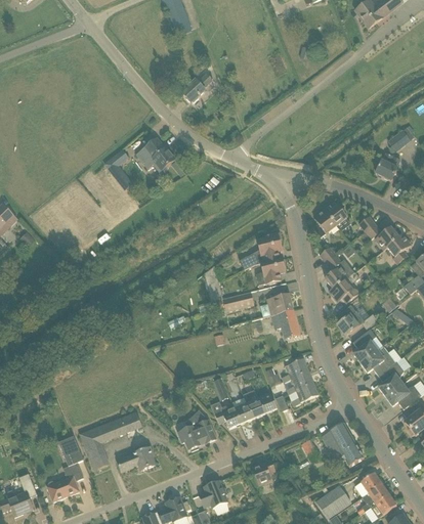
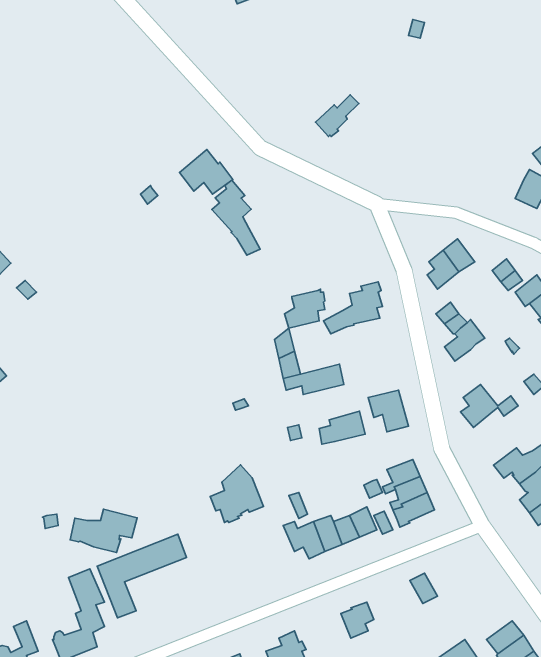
building: [182,73,213,102] -> [315,95,359,137]
building: none -> [212,180,260,255]
building: [256,257,285,285] -> [285,289,325,328]
building: [329,271,361,302] -> none
building: [260,293,293,316] -> [319,411,365,444]
building: [353,329,383,362] -> none
building: none -> [70,509,137,552]
building: [178,409,216,450] -> [210,465,264,522]
building: [322,423,364,466] -> none
building: [117,446,156,472] -> none

